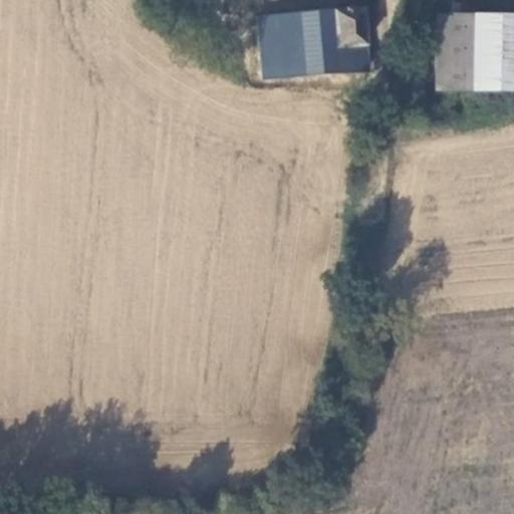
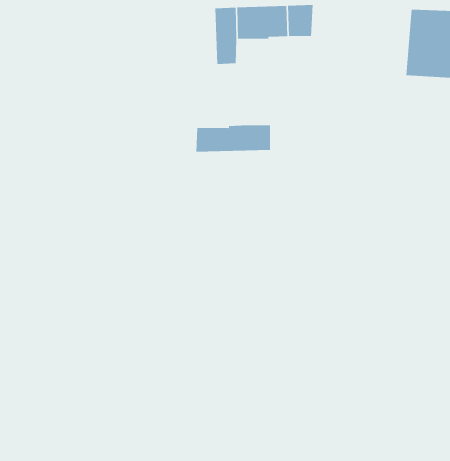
building: [428,11,470,87] -> none
building: [277,44,360,74] -> [195,125,271,152]

